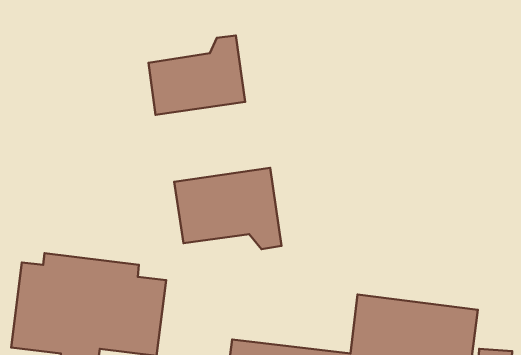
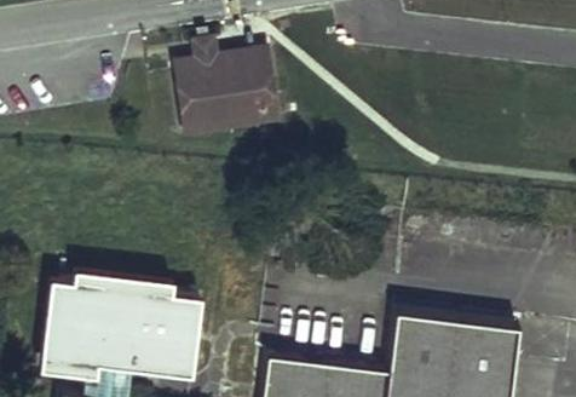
building: none -> [182,40,254,79]
building: [174,168,281,249] -> none

